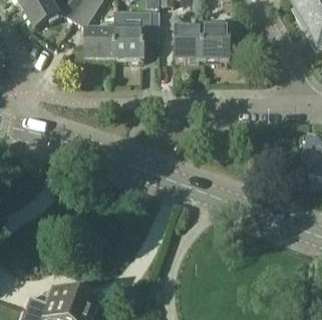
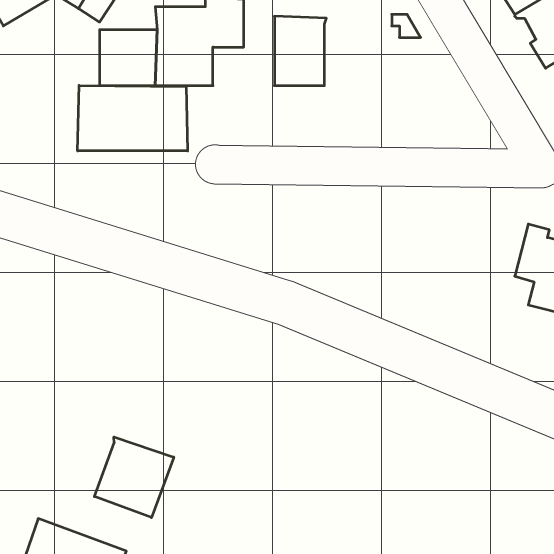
building: [202,20,233,60] -> none
building: none -> [78,85,188,151]
building: none -> [94,437,174,518]

